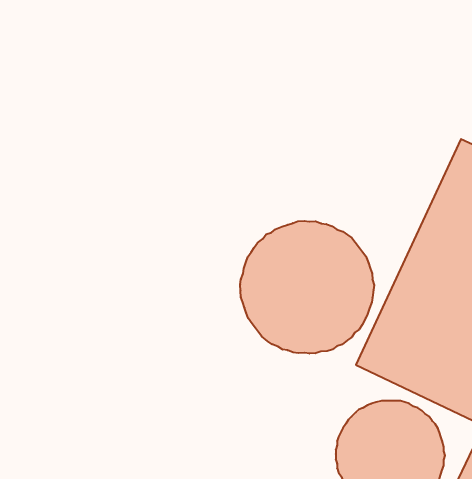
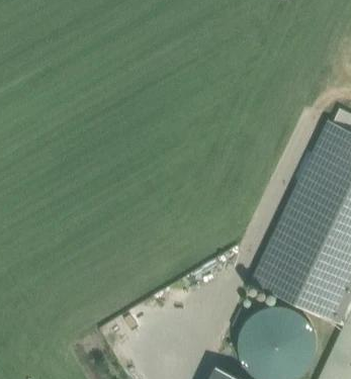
building: [240,221,374,354] -> none

